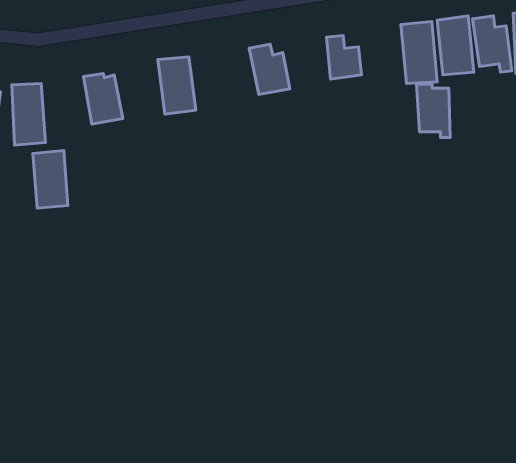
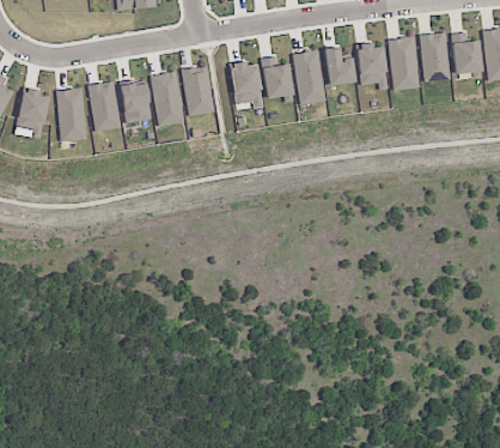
building: none -> [292,49,327,104]
building: none -> [231,61,262,107]
building: none -> [151,71,184,126]
building: [417,84,450,137] -> [358,43,386,89]
building: [33,151,68,208] -> [90,81,120,131]

